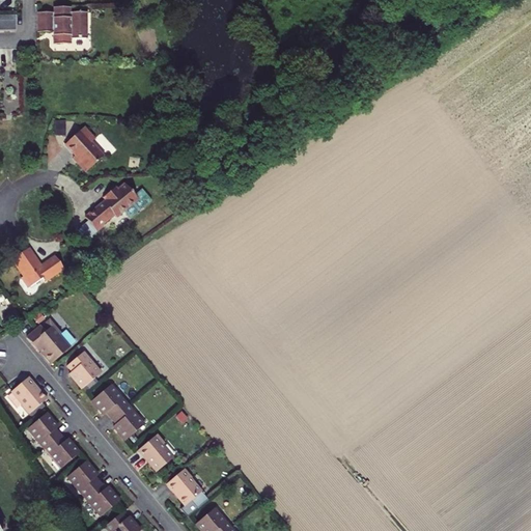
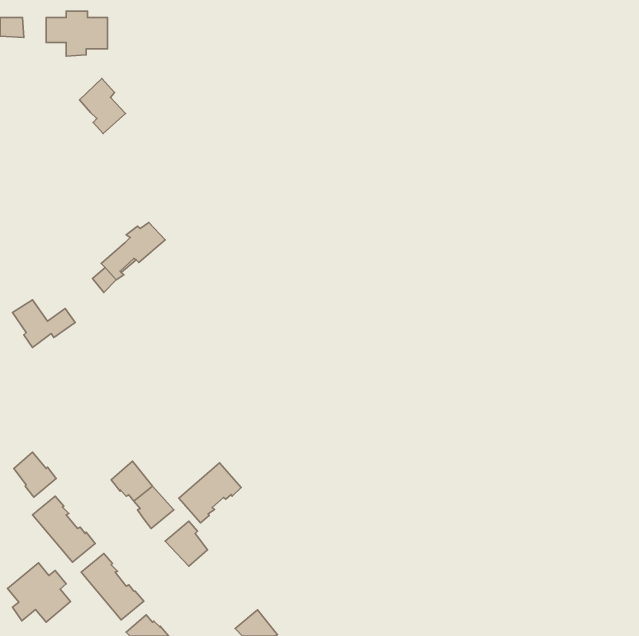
building: [65,128,104,173] -> [79,79,126,134]
building: [26,317,69,362] -> none
building: [67,350,101,386] -> none
building: none -> [179,463,241,523]
building: [166,467,200,504] -> none
building: none -> [8,563,71,622]

